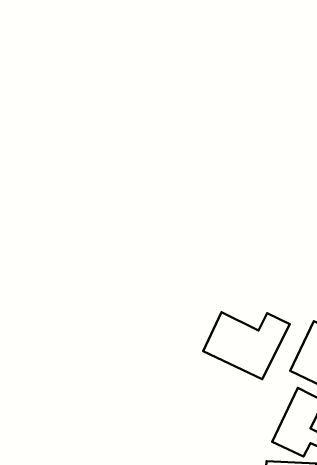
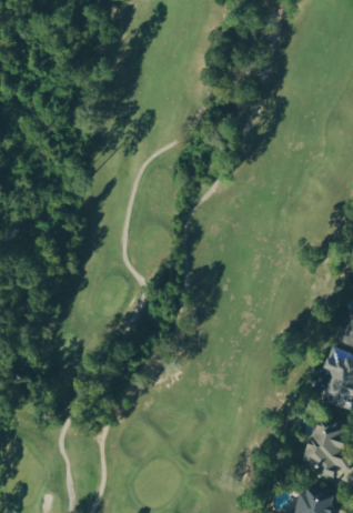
building: [203,312,290,379] -> none

